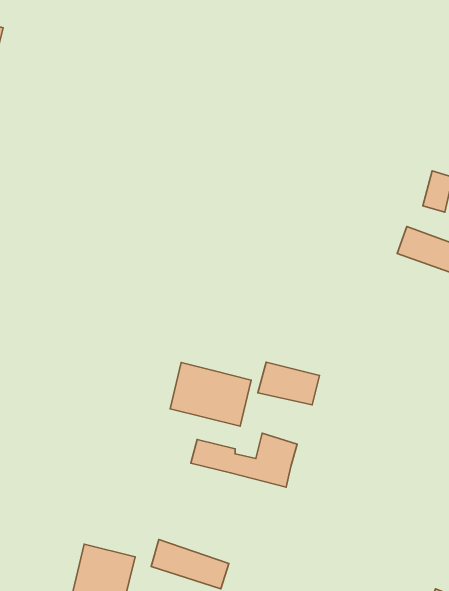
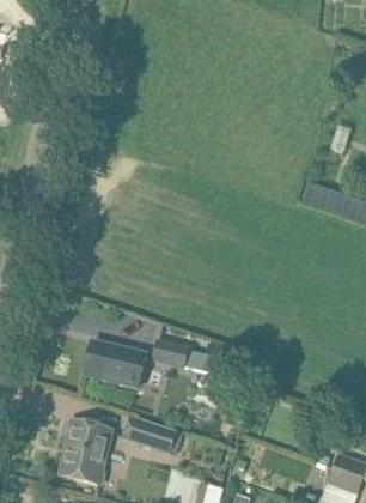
building: [258,362,320,405] -> none
building: [170,363,251,426] -> [83,339,144,387]

